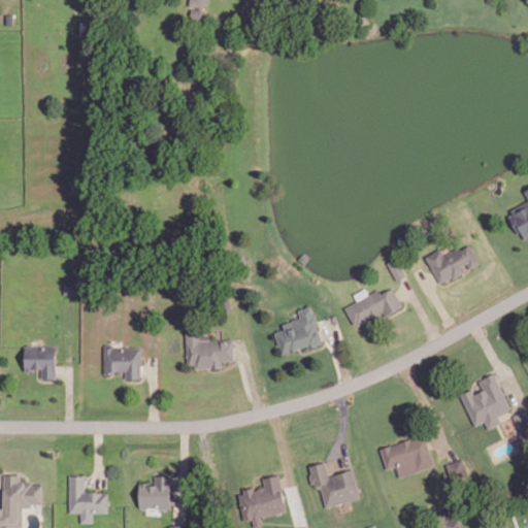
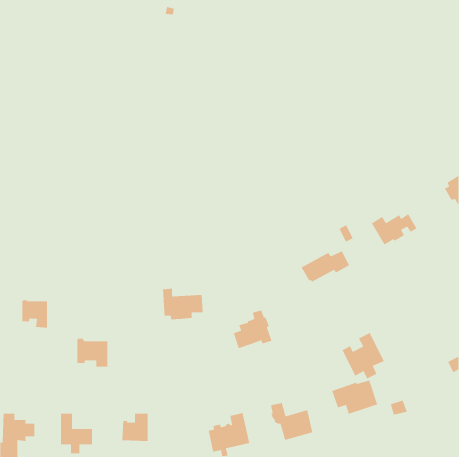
building: [276,308,322,354] -> [233,310,272,349]
building: [103,345,139,380] -> [77,338,108,368]
building: [460,375,509,430] -> [341,332,385,380]

